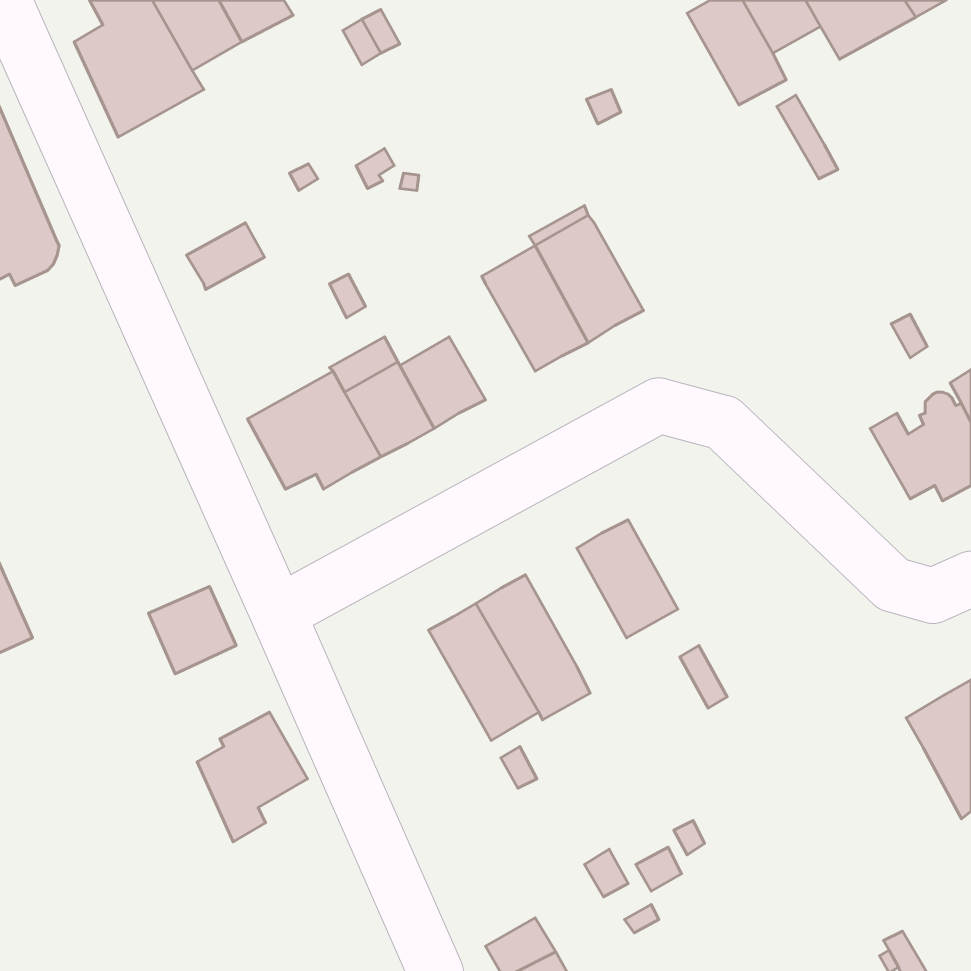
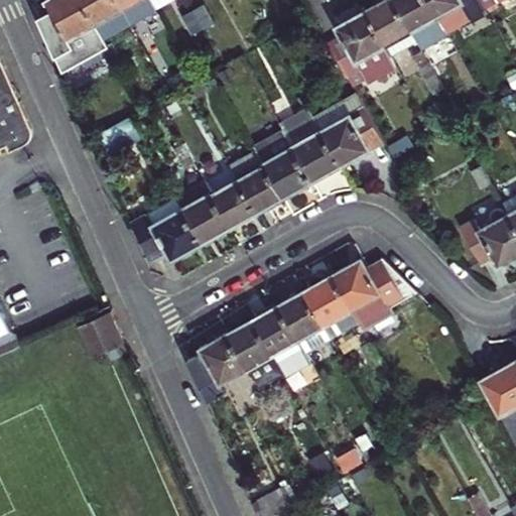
building: none -> [328,8,397,85]
building: none -> [314,95,383,165]
building: none -> [231,151,283,213]
building: none -> [333,258,417,330]
building: none -> [278,291,332,354]
building: [197,712,308,842] -> [188,335,247,403]

